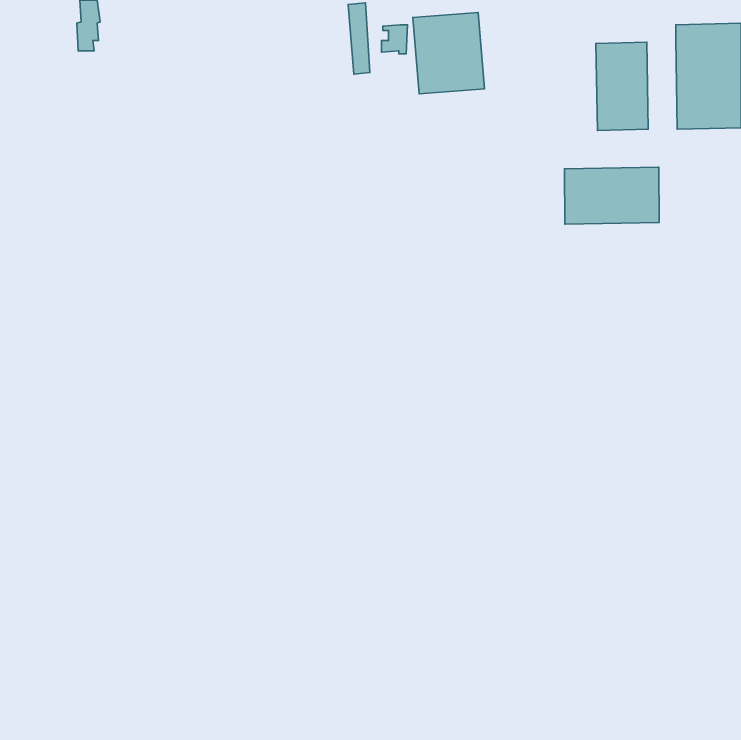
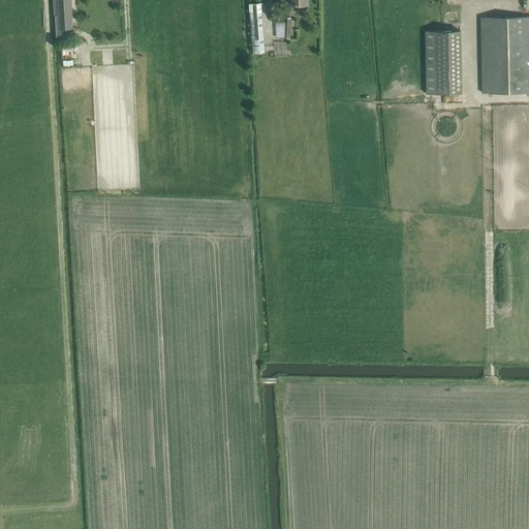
building: [413,13,484,94] -> none
building: [565,167,659,224] -> none

